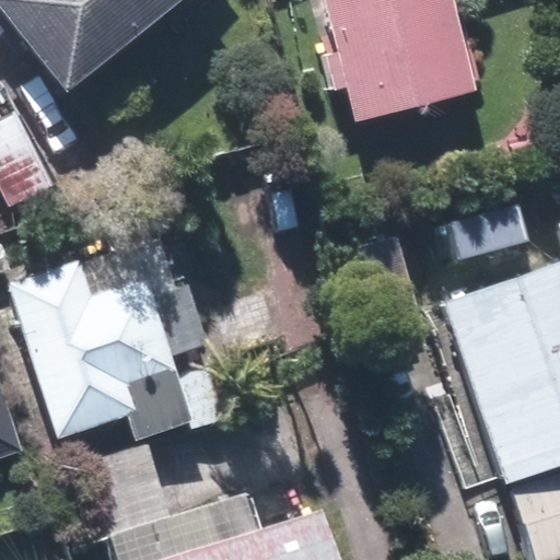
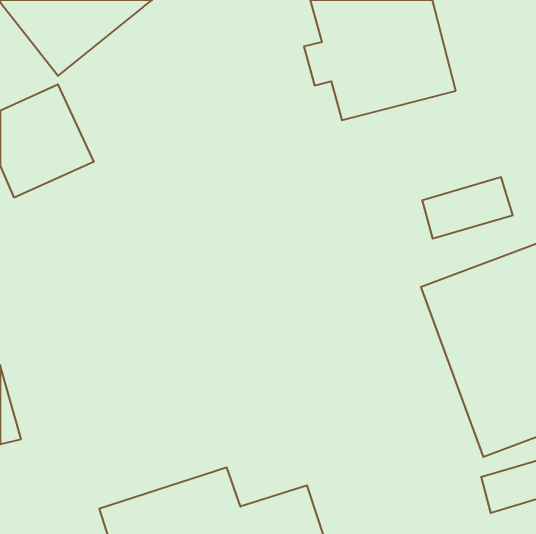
building: [9,266,184,439] -> none

